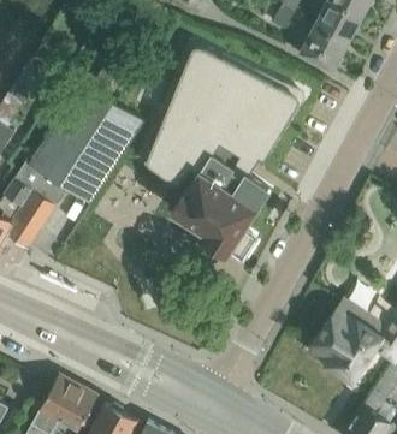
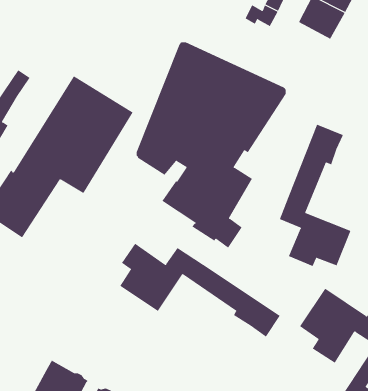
building: [298,24,348,70] -> none
building: none -> [279,124,351,267]
building: none -> [119,243,280,337]

